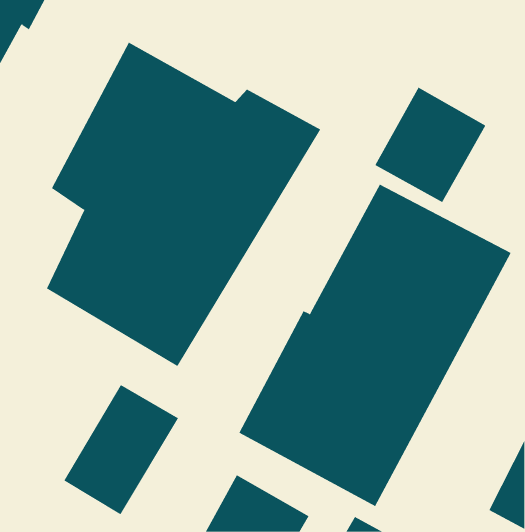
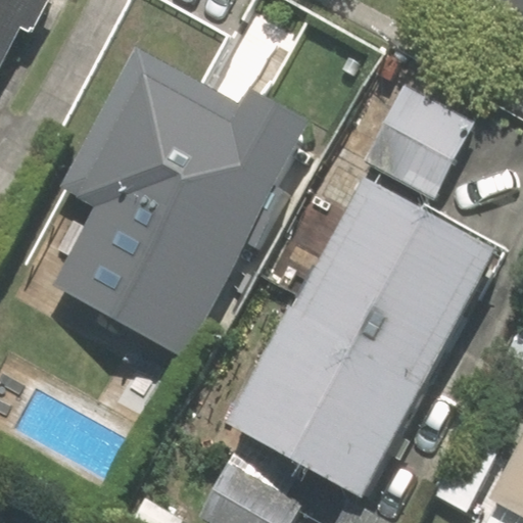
building: [64,384,179,515] -> none

